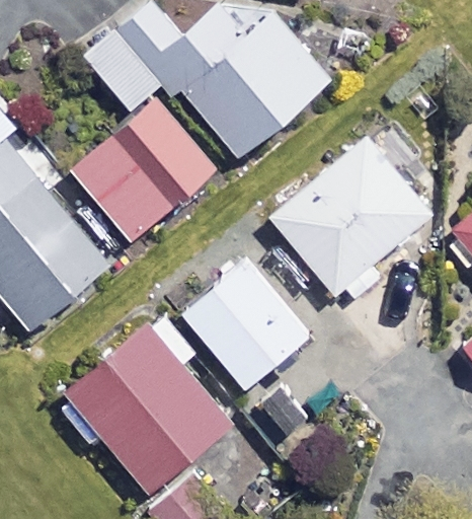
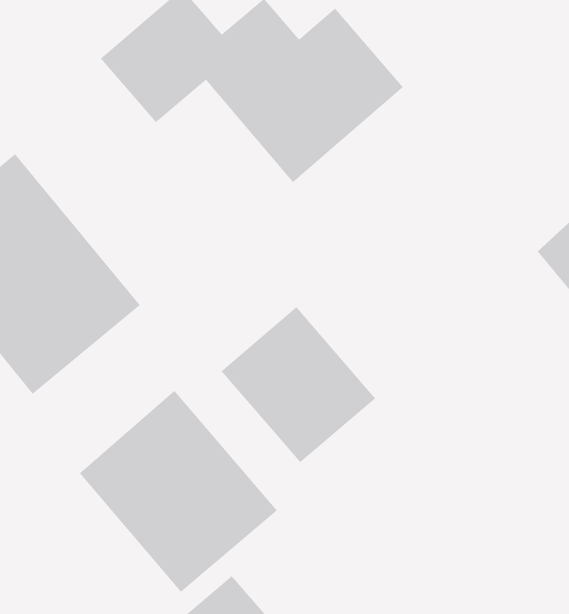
building: [71,99,215,241] -> none
building: [270,138,430,295] -> none

